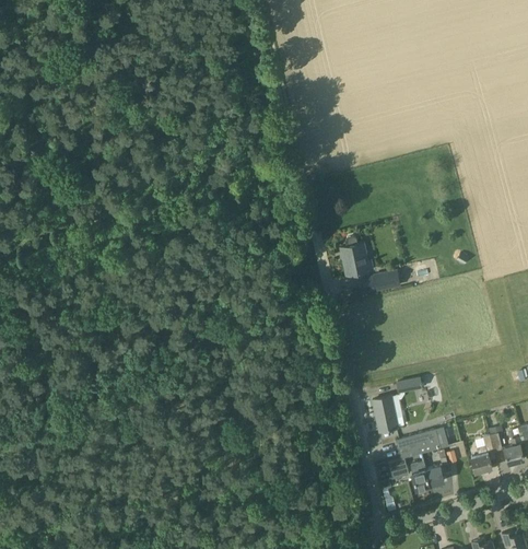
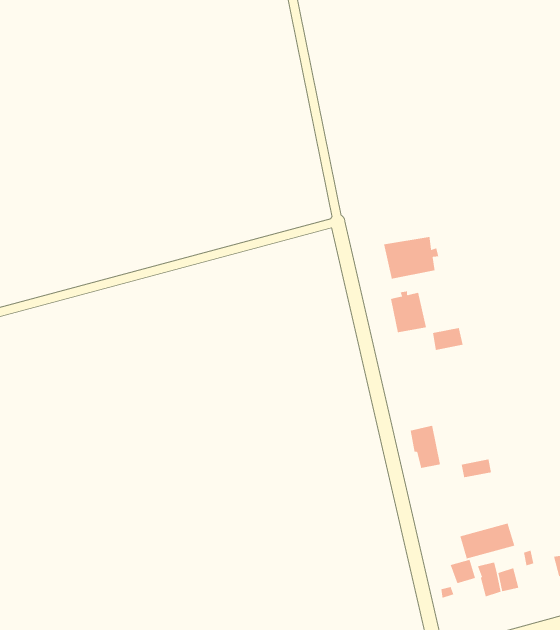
building: none -> [384,236,439,279]
building: [373,396,398,431] -> [410,425,441,468]

